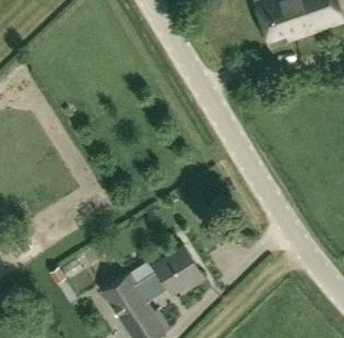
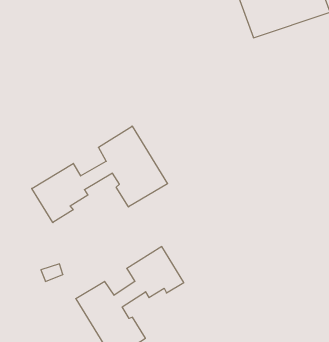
building: none -> [32,126,168,223]

